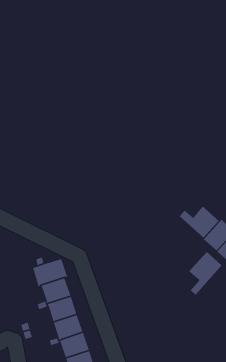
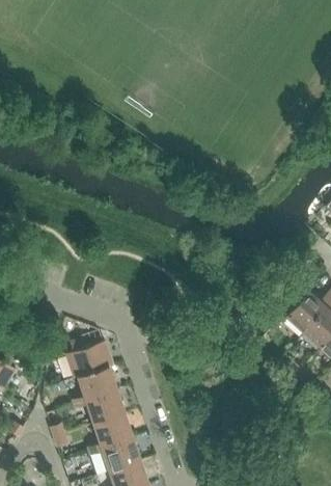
building: [179,206,219,238] -> none
building: [188,251,223,296] -> none

